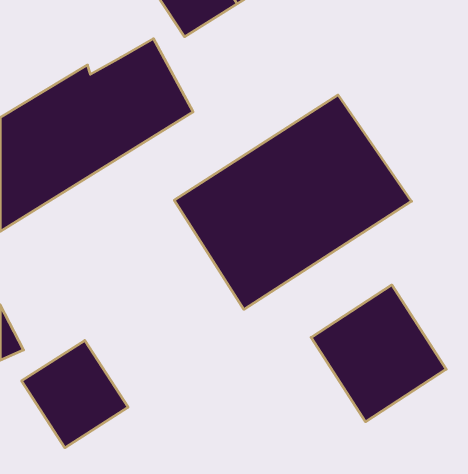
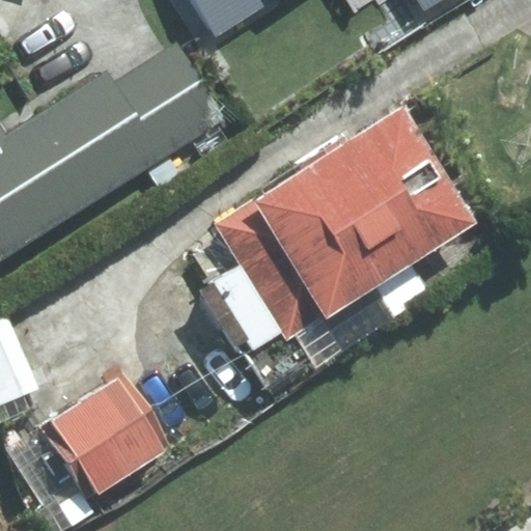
building: [311,285,446,422] -> none

